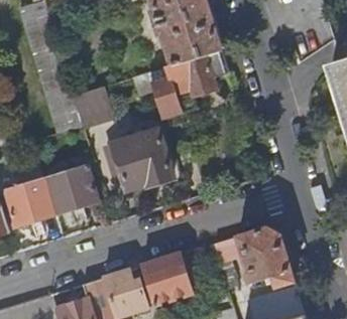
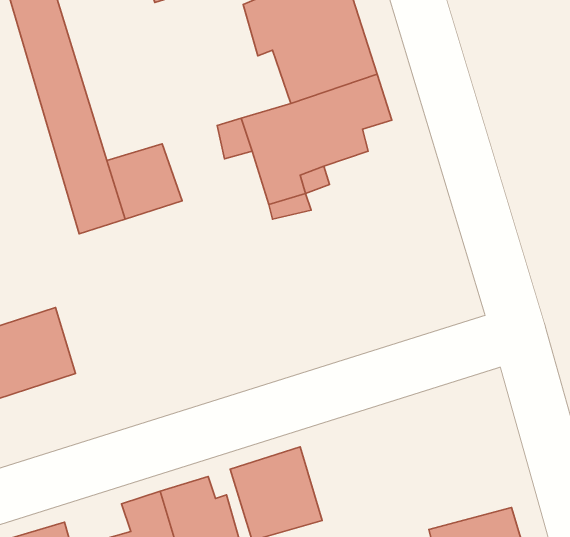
building: [114,130,174,188] -> none
building: [45,160,100,212] -> none
building: [214,226,280,287] -> none

